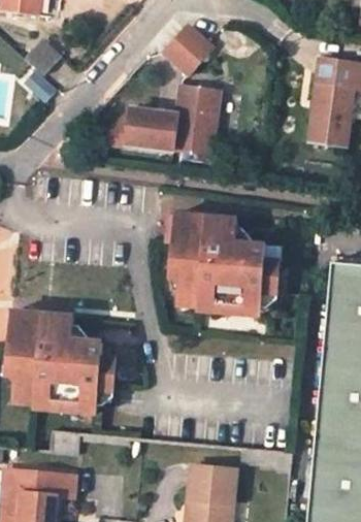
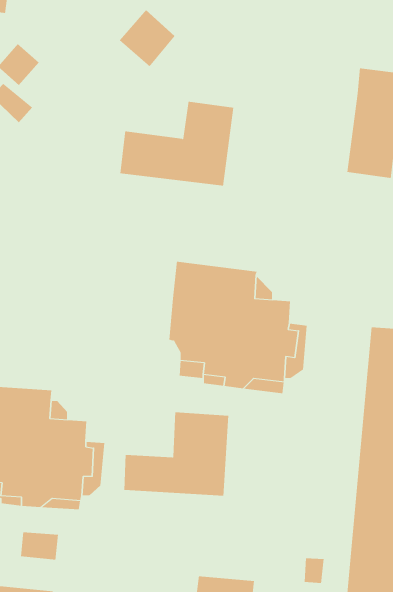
building: [166,26,211,72] -> [119,9,176,67]
building: none -> [124,412,229,496]

